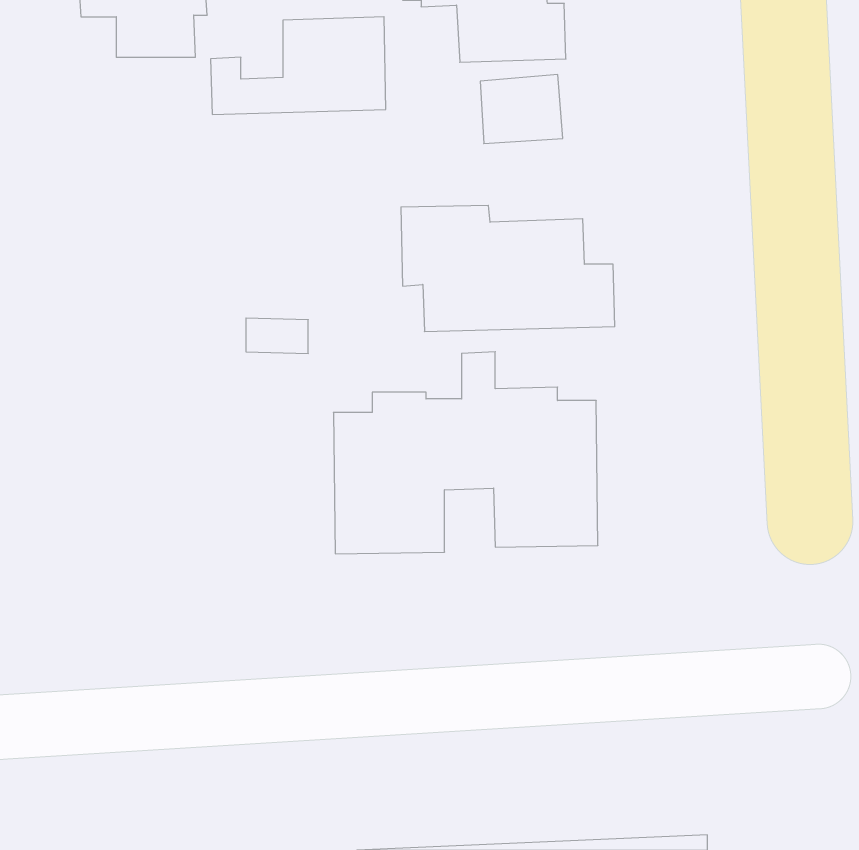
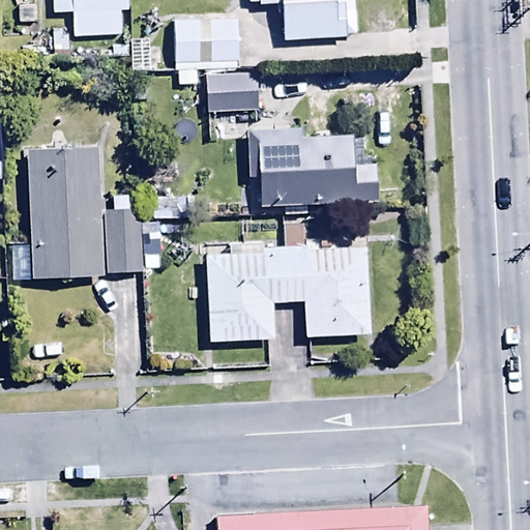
building: [480,75,563,144] -> [208,70,259,113]
building: none -> [27,147,143,277]

